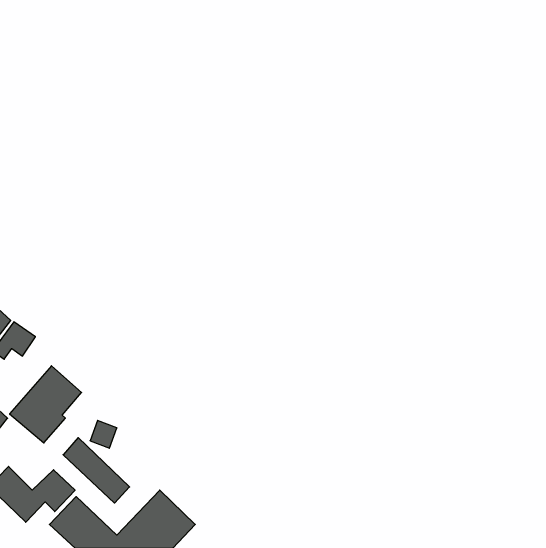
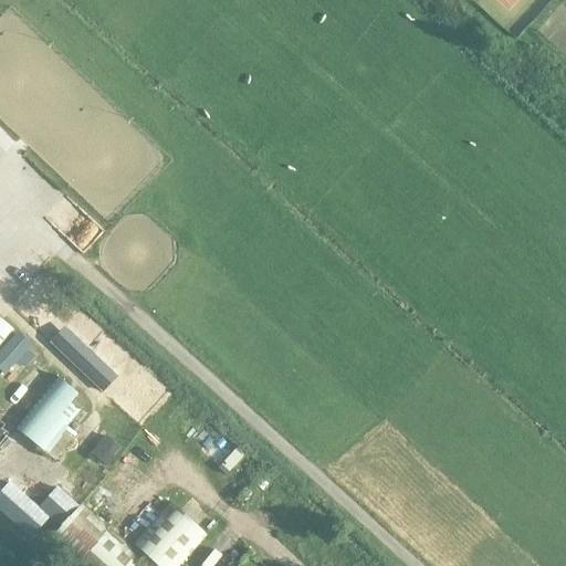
building: [63,438,130,503] -> [49,323,117,390]

